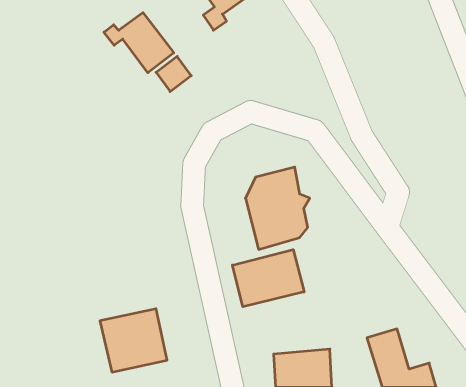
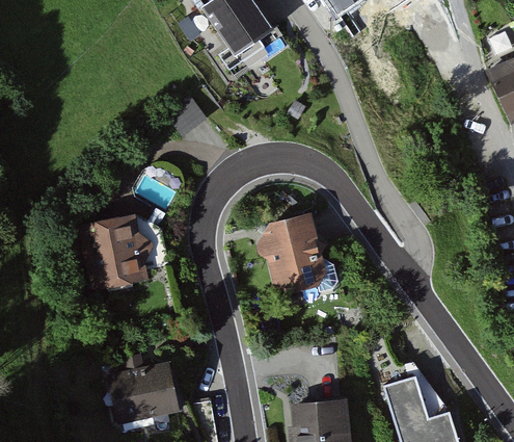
building: [104,13,174,73] -> none
building: none -> [83,215,153,291]
building: [232,250,304,307] -> none

